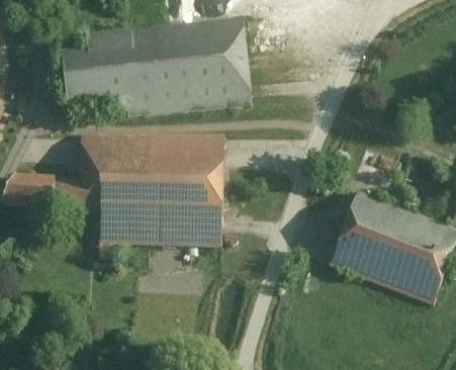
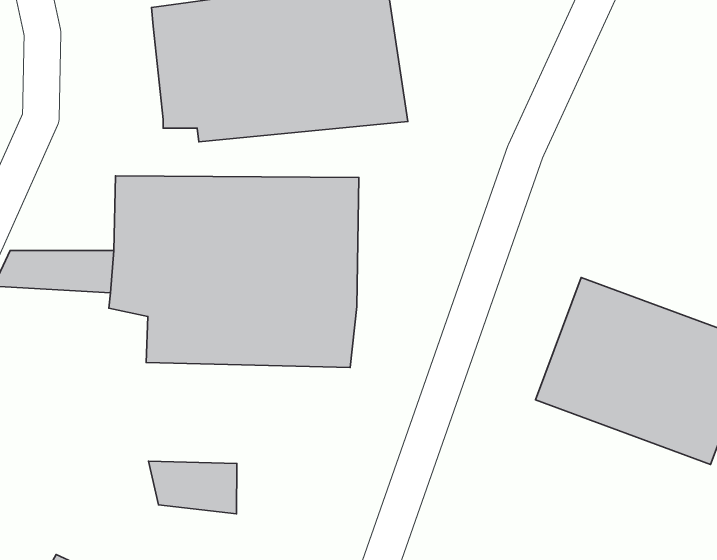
building: [62,32,107,103] -> none
building: none -> [148,461,237,514]

